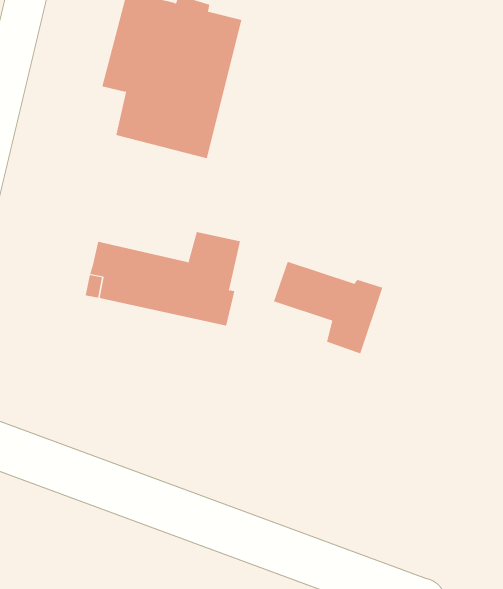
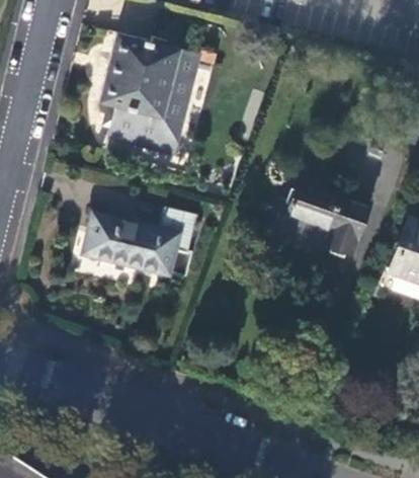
building: [273,261,383,354] -> [288,187,368,255]

